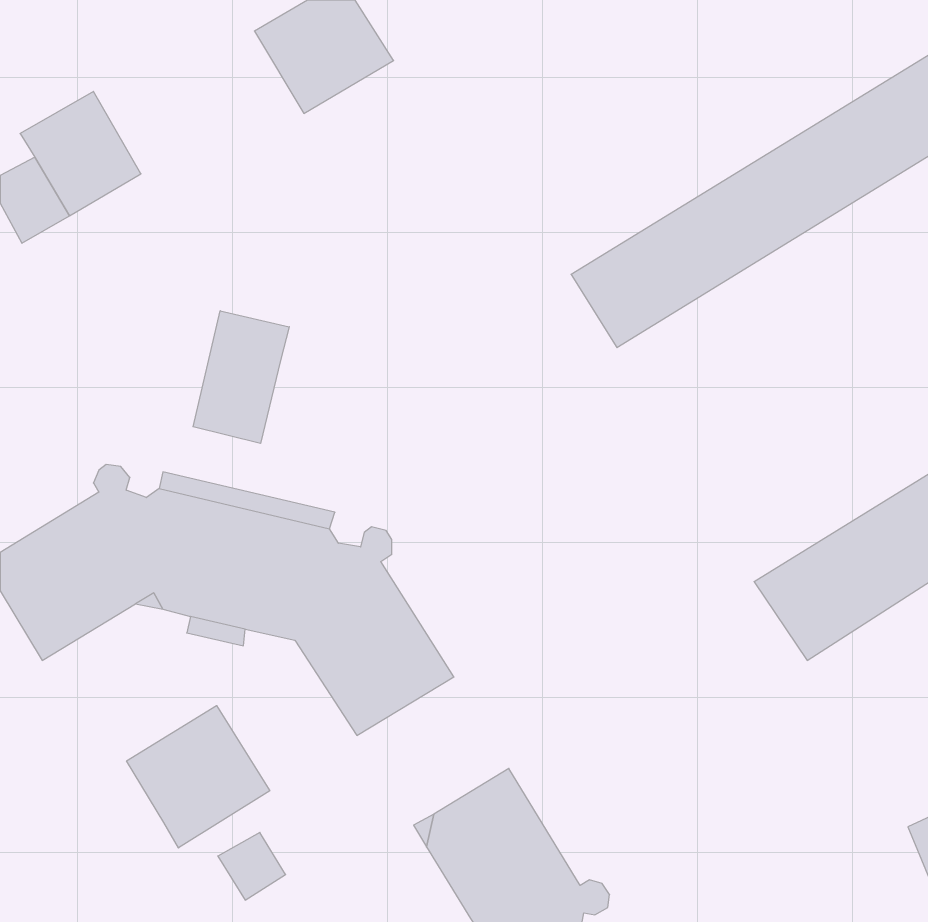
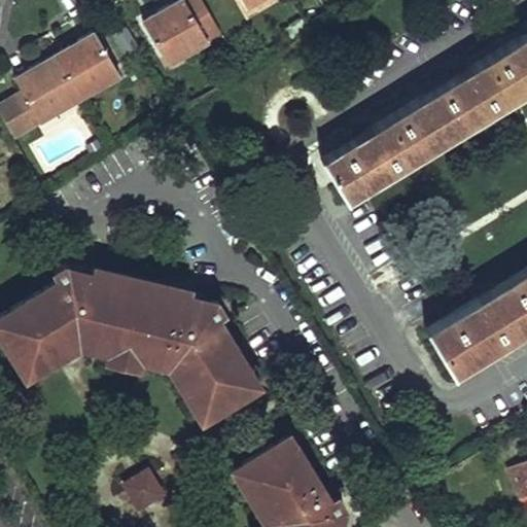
building: none -> [57,36,124,105]
building: [193,311,289,443] -> none
building: [127,706,270,848] -> none

